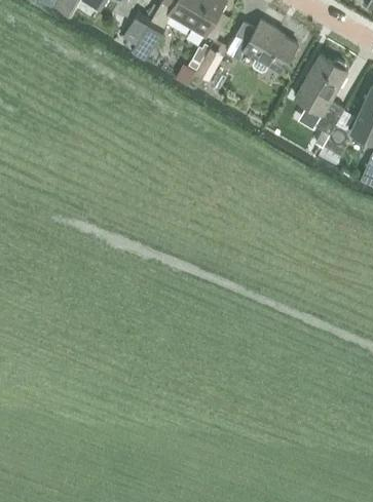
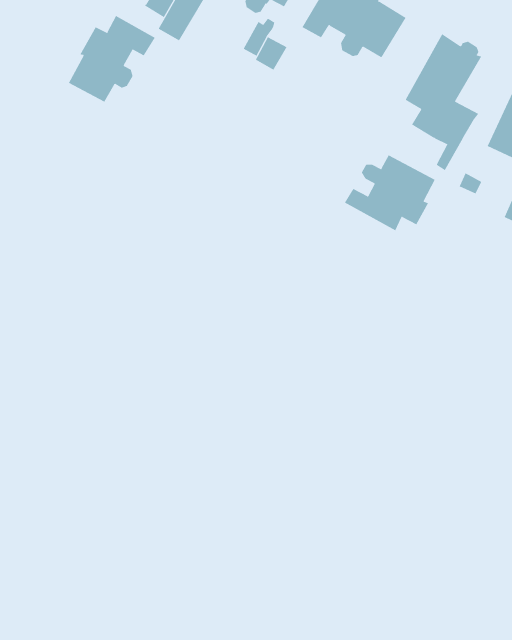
building: none -> [68,15,155,103]
building: none -> [344,154,435,231]

